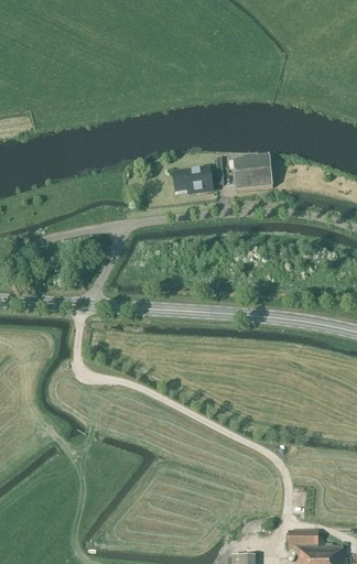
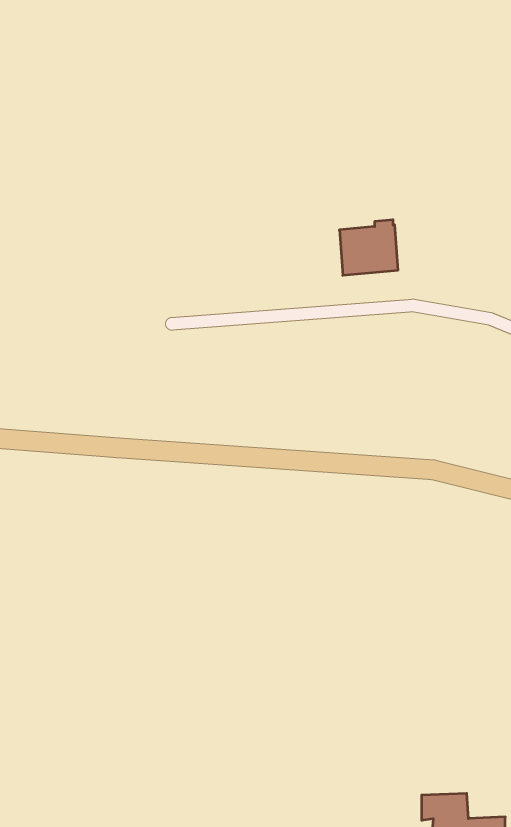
building: [174,169,212,193] -> none

